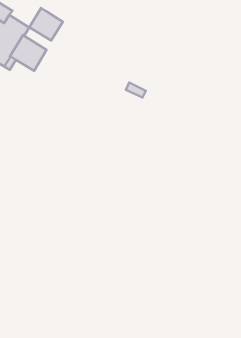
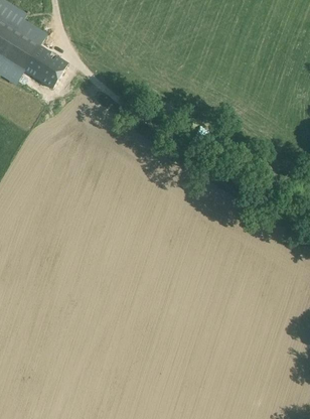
building: [29,8,63,40] -> none

